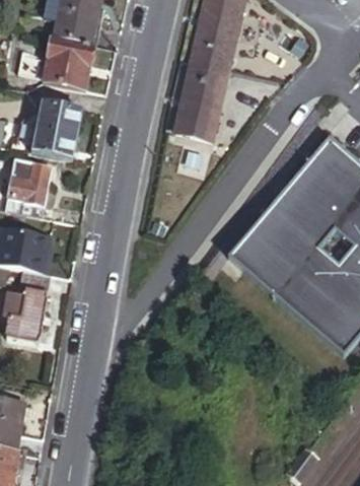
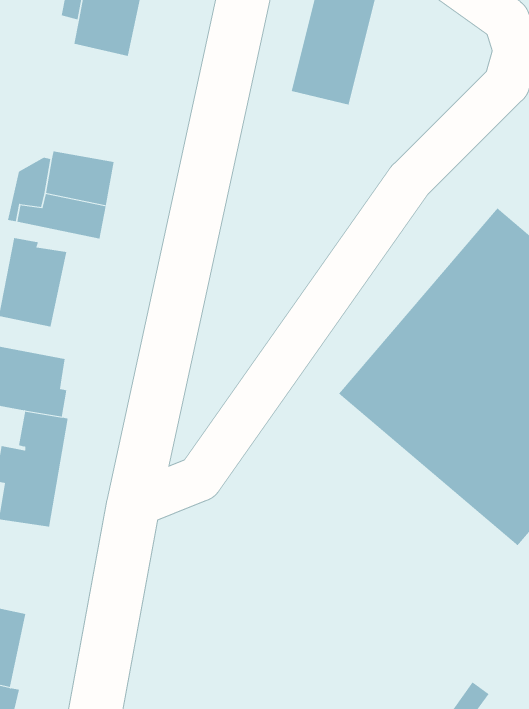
building: [44,31,92,85] -> none
building: [174,62,231,148] -> none

